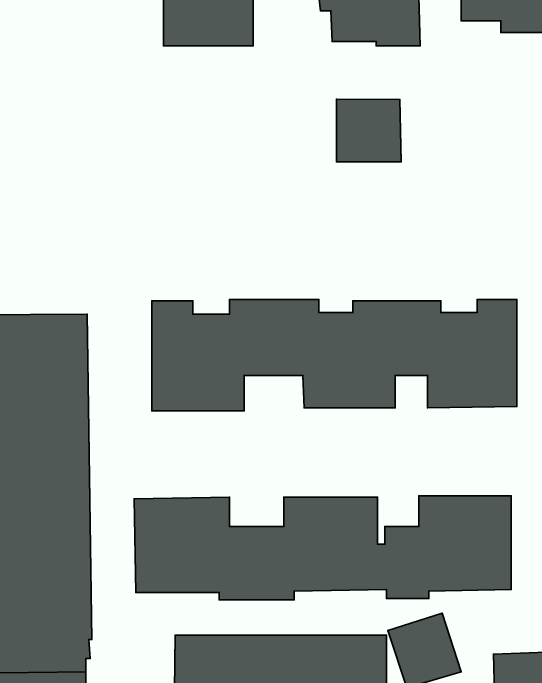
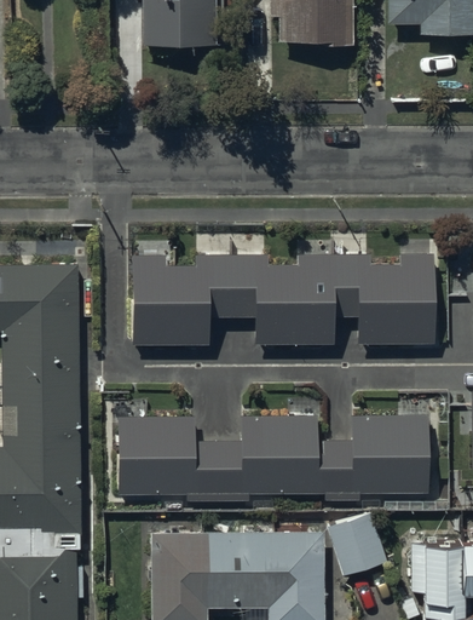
building: [336,99,401,162] -> none

